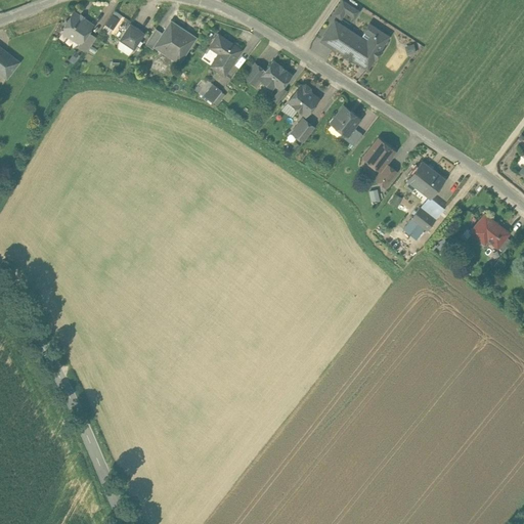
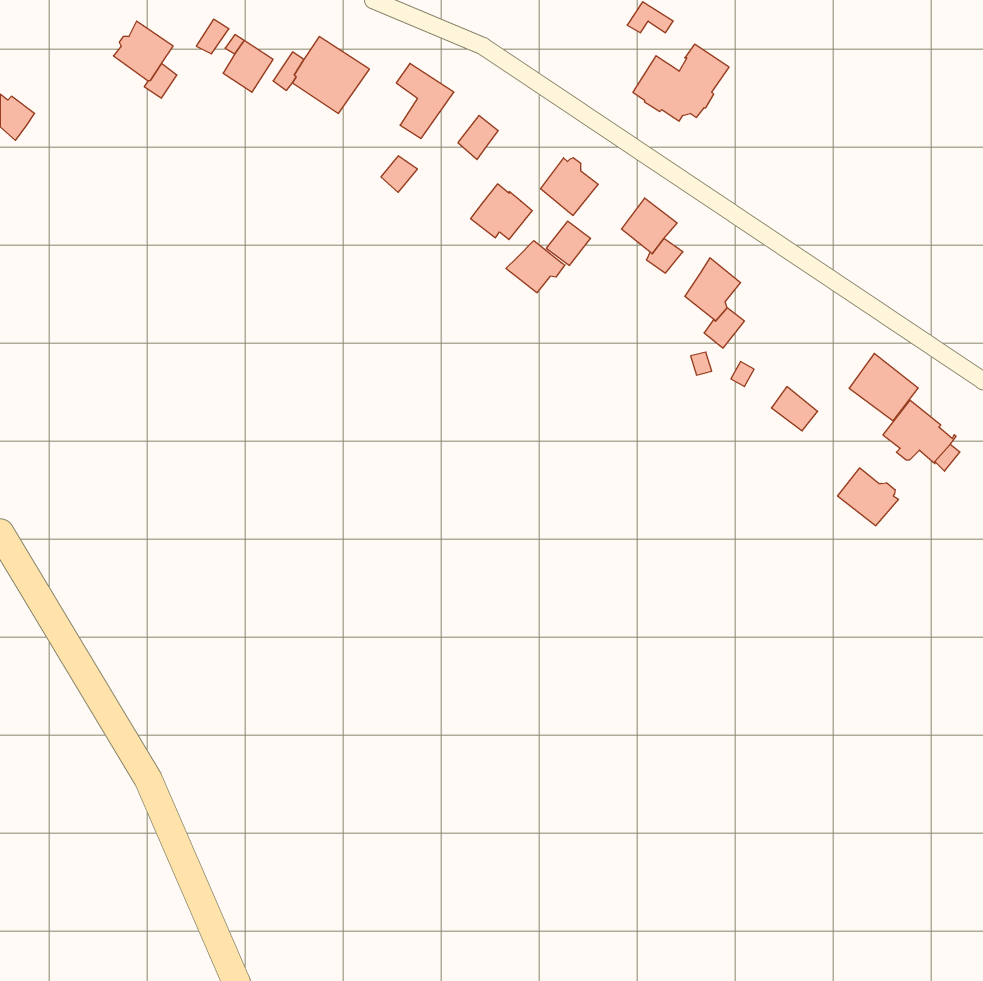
building: [321,21,349,51] -> none
building: [259,60,292,90] -> [471,184,532,240]
building: none -> [506,241,565,293]
building: [407,162,444,198] -> [849,353,918,421]
building: none -> [838,468,898,526]

